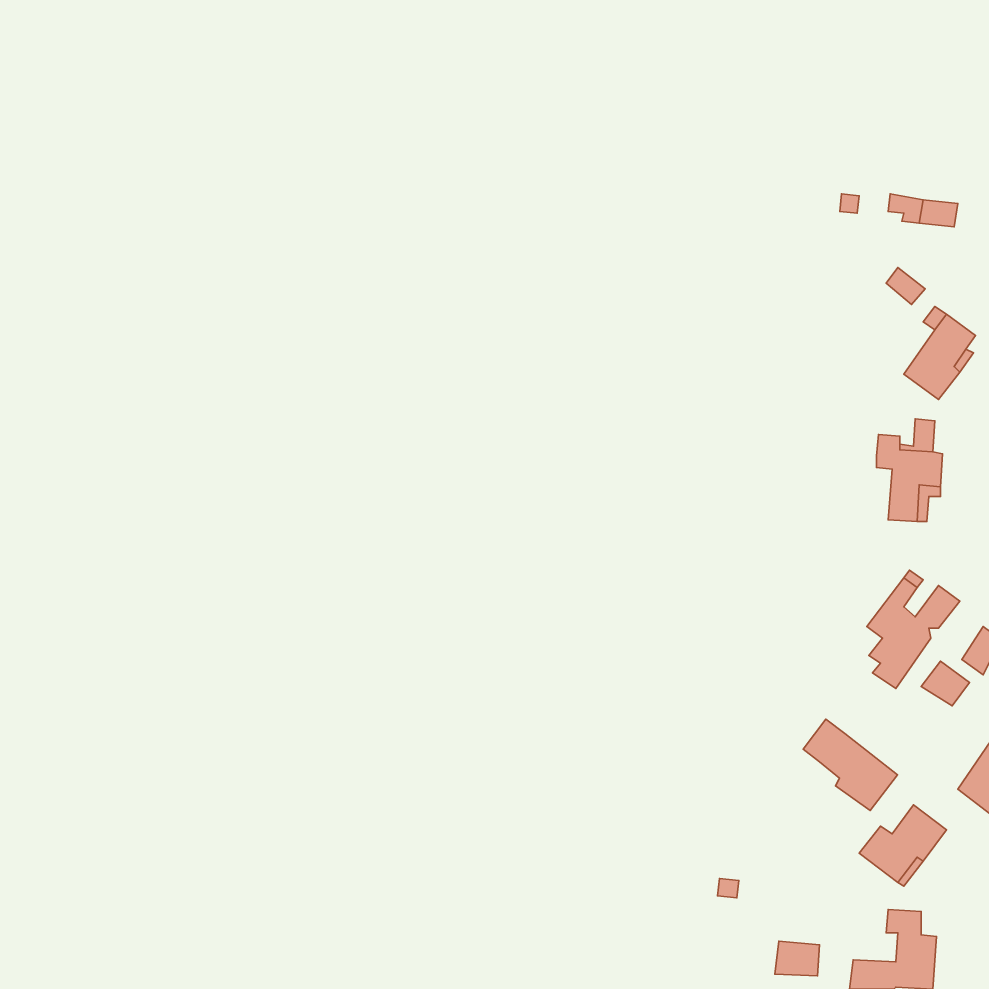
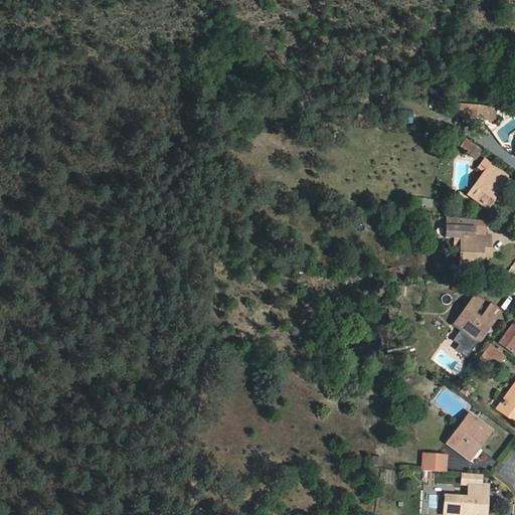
building: none -> [446,215,476,236]
building: [803,719,897,810] -> none
building: [775,941,820,976] -> [422,453,446,471]

